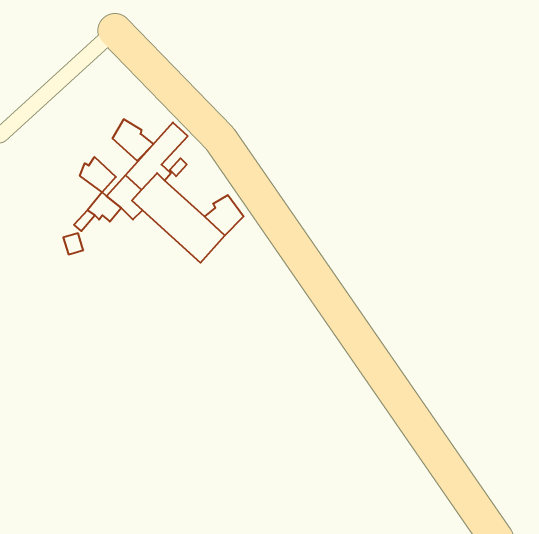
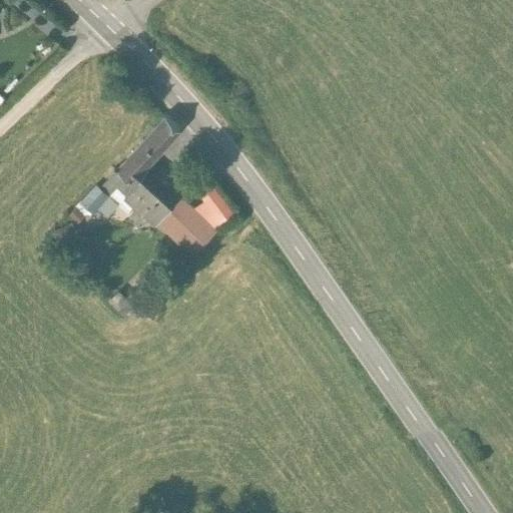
building: [113,119,154,161] -> none
building: [80,157,116,192] -> none

